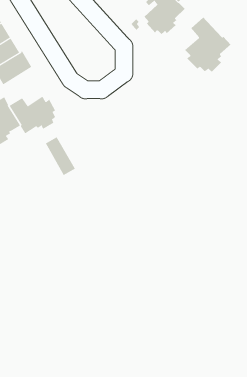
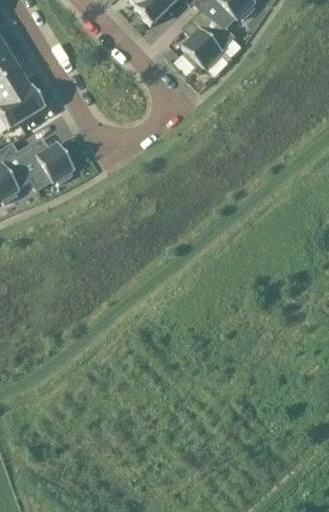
building: [184,16,231,72] -> none
building: [45,136,76,176] -> none

